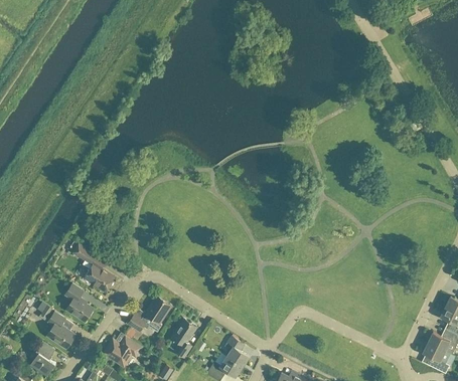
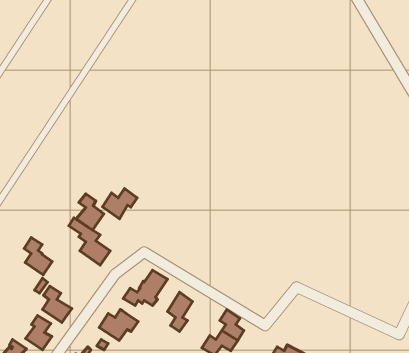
building: none -> [102,188,137,219]
building: none -> [76,194,104,230]
building: [64,283,93,321] -> [24,237,52,275]

